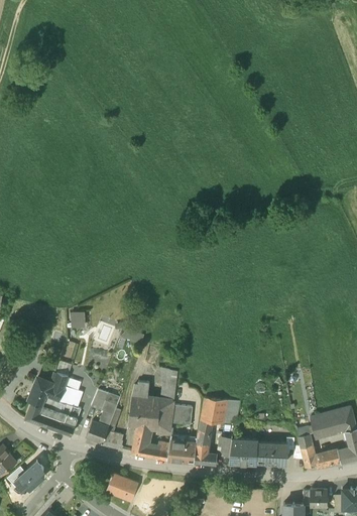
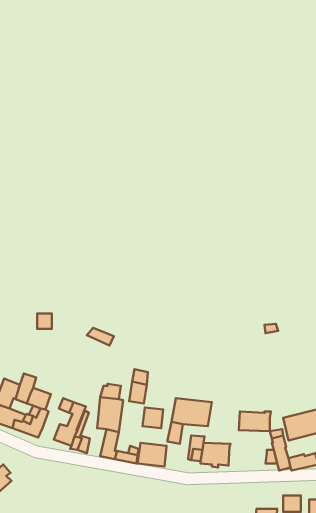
building: [149,397,173,433] -> none
building: [194,437,217,465] -> none
building: [256,442,287,462] -> [239,412,271,431]
building: [106,473,138,499] -> none

